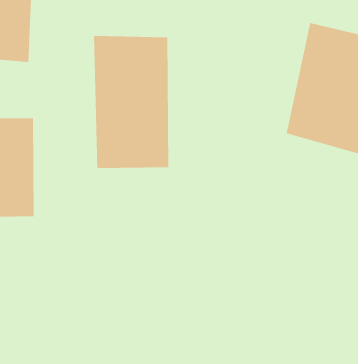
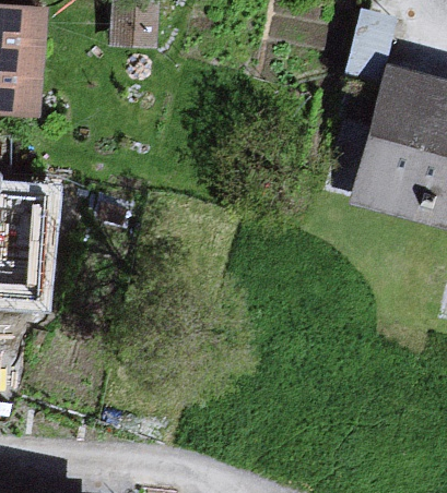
building: [94,35,169,169] -> none

